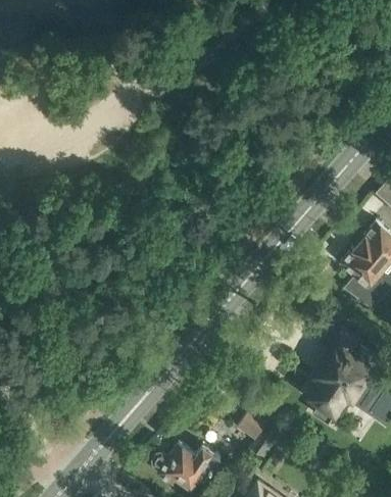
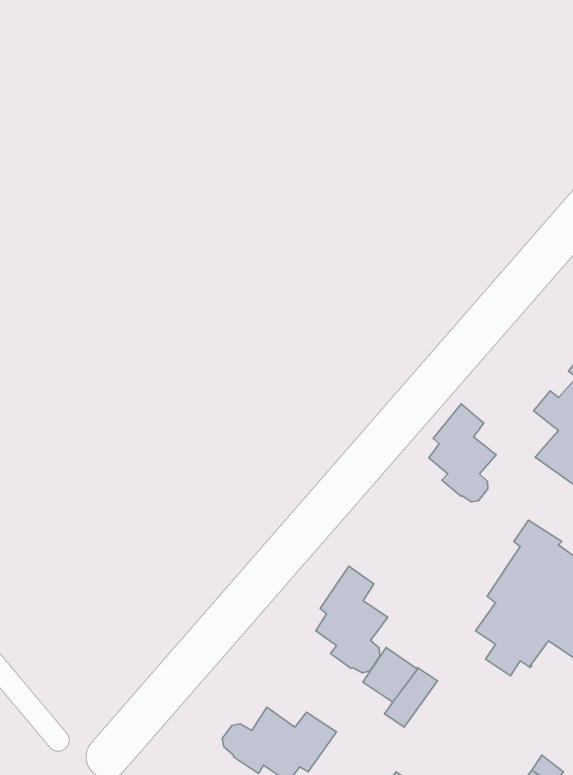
building: none -> [429,404,496,502]
building: none -> [316,566,388,673]

